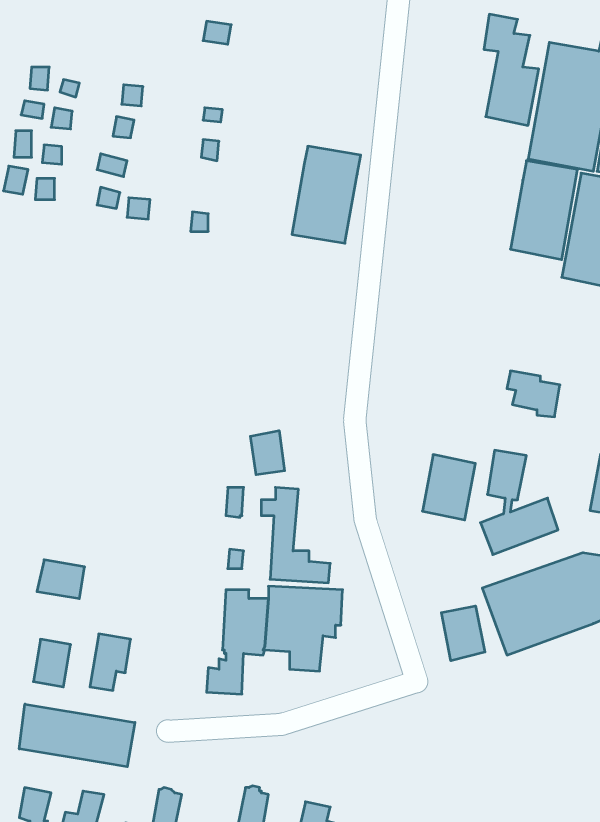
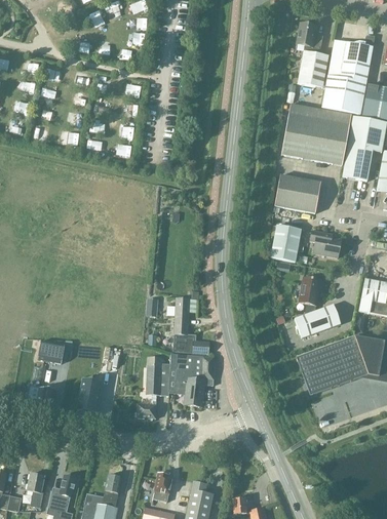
building: [292,146,361,243] -> [281,104,321,160]
building: none -> [274,175,320,213]
building: [250,431,285,475] -> none
building: [422,455,475,520] -> [270,225,301,263]
building: [441,606,485,661] -> none
building: [19,704,135,767] -> none

